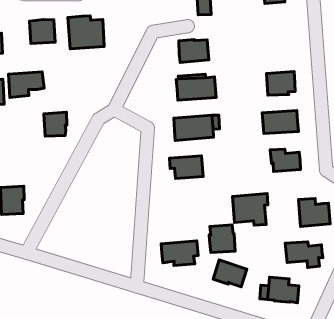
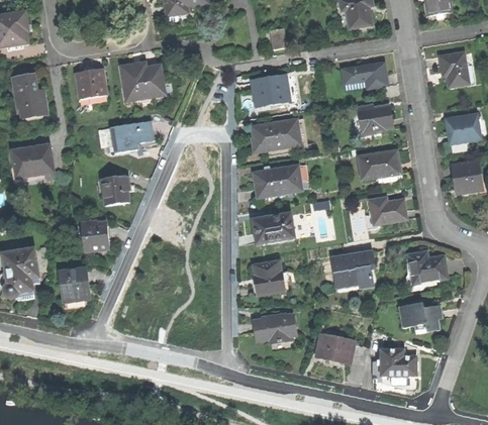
building: none -> [341,63,388,89]
building: [8,72,44,97] -> [110,120,154,153]
building: none -> [80,221,109,250]
building: [209,225,235,252] -> [254,260,286,295]

